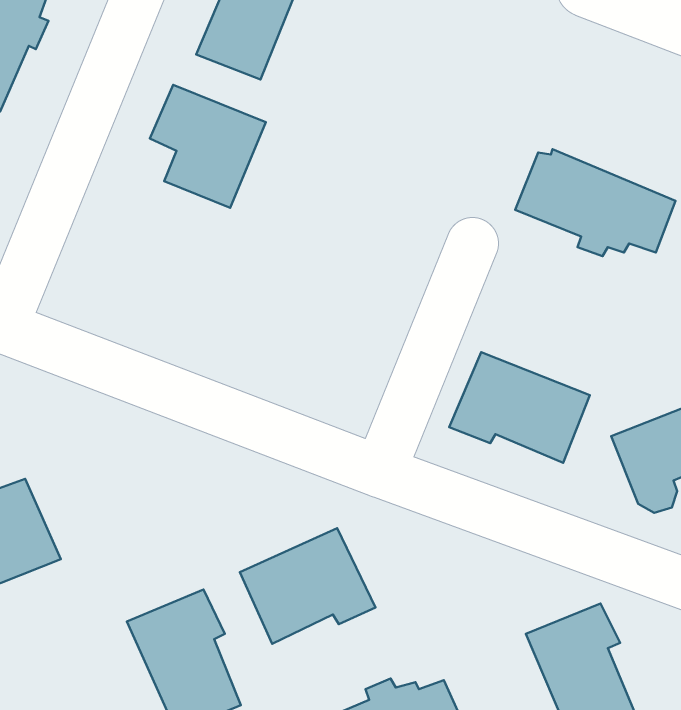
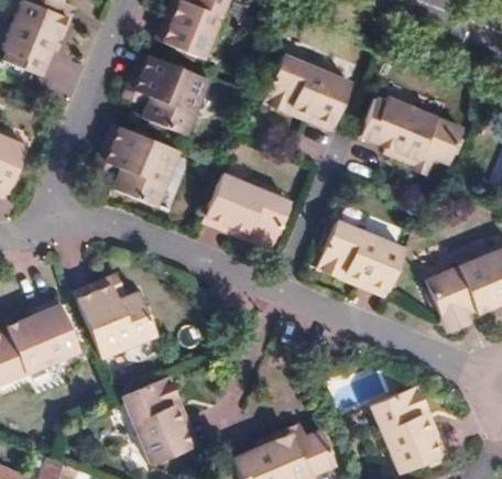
building: none -> [265,57,351,124]
building: none -> [108,131,178,208]
building: none -> [206,177,293,252]
building: none -> [75,281,155,352]
building: [240,528,375,644] -> none

